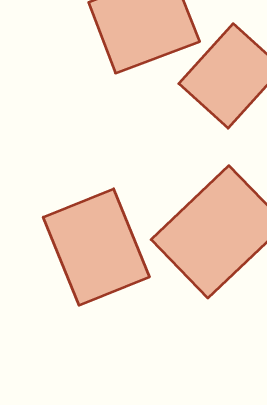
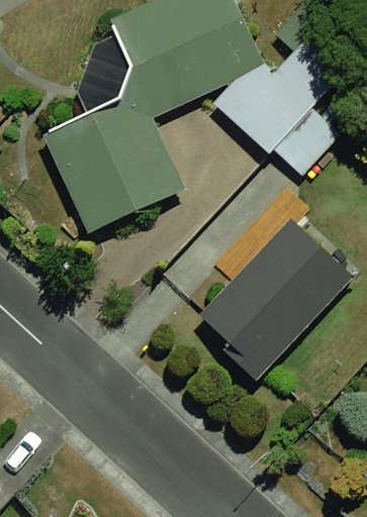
building: none -> [34,93,172,232]
building: [43,189,149,305] -> none

